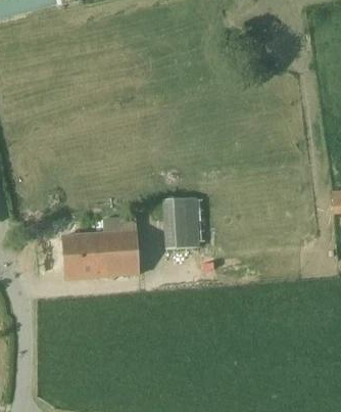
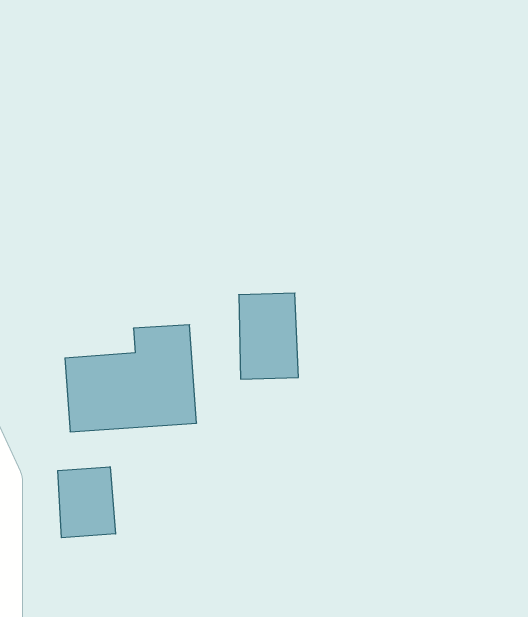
building: none -> [58,467,116,538]

